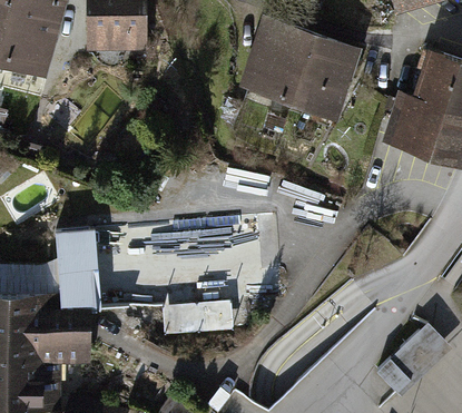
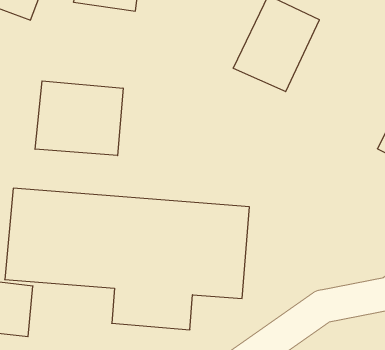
building: [292,33,363,119] -> none
building: none -> [35,81,123,156]

